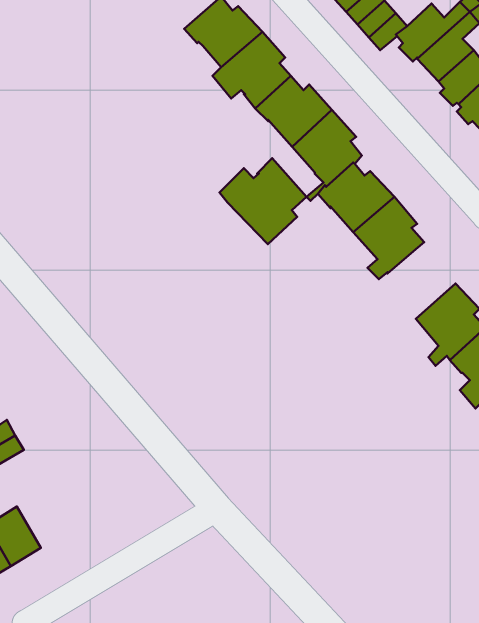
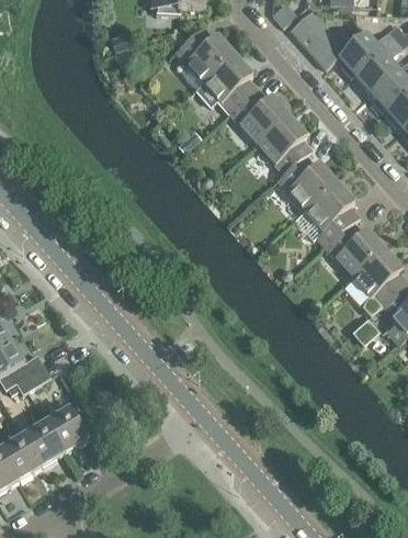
building: [220,158,306,244] -> none
building: none -> [325,222,384,276]
building: none -> [45,406,88,452]

